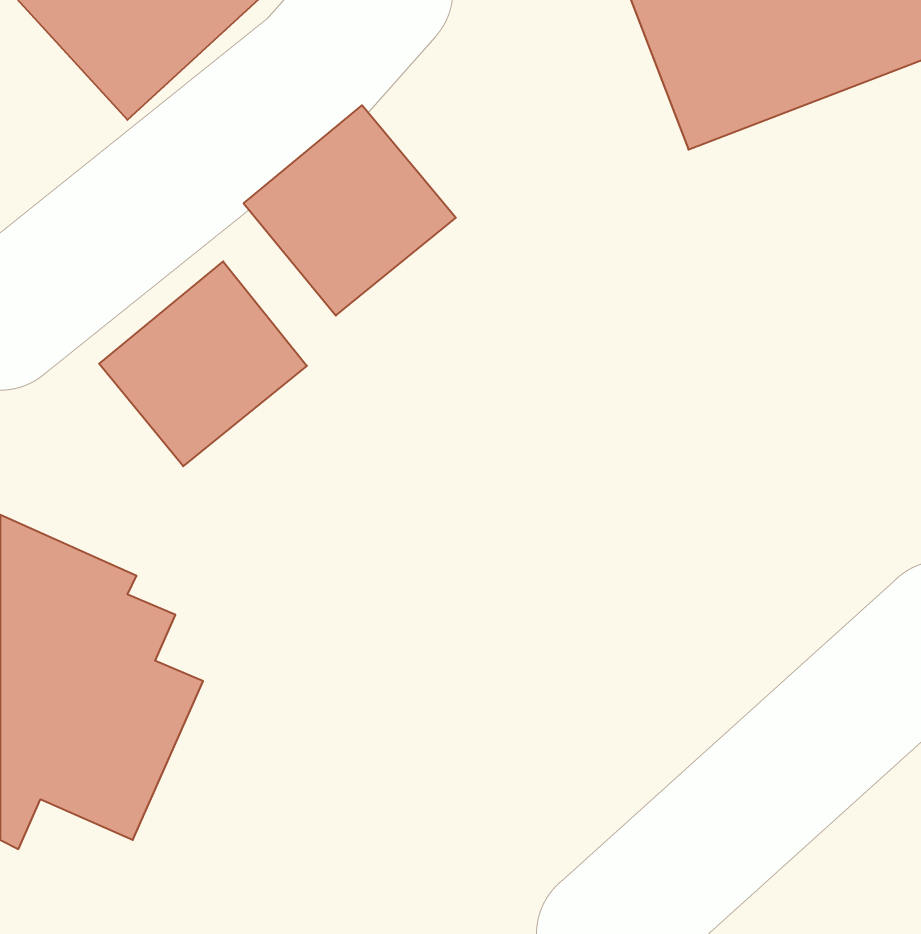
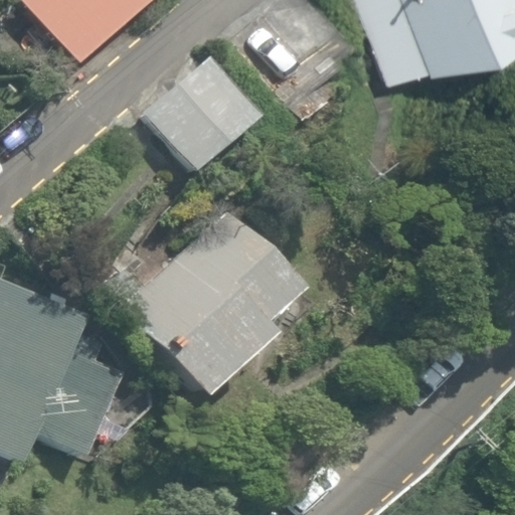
building: [99,261,307,466] -> none
building: none -> [105,211,297,398]

